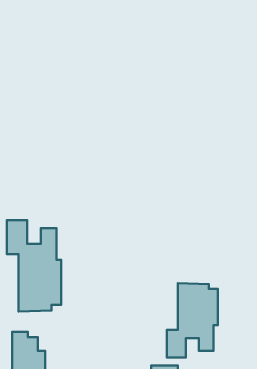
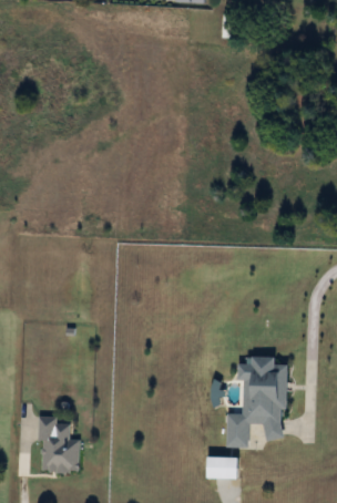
building: [7,220,61,312] -> none

